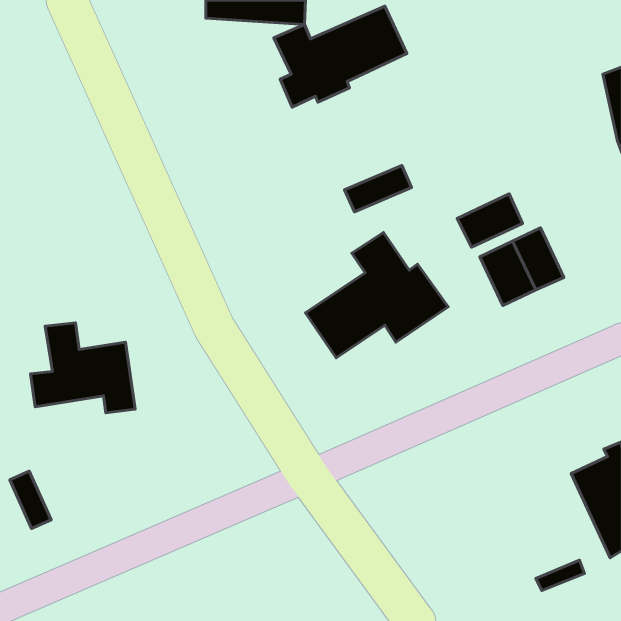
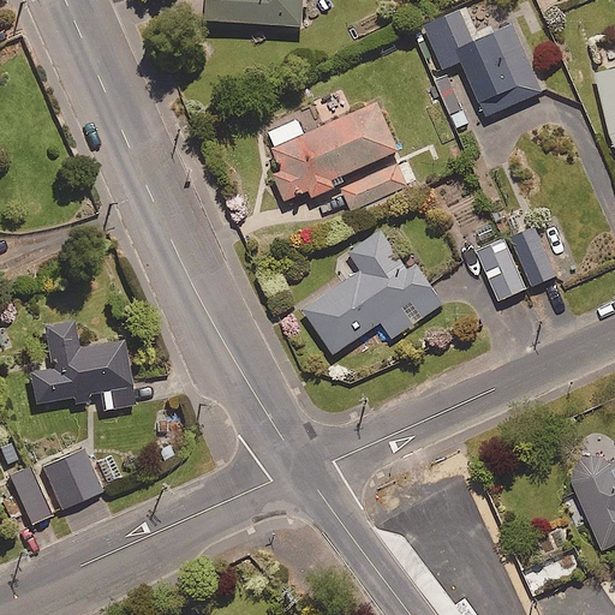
building: [274,6,407,107] -> [268,102,399,202]
building: none -> [422,7,541,117]
building: [457,194,523,247] -> none
building: none -> [44,448,103,508]

